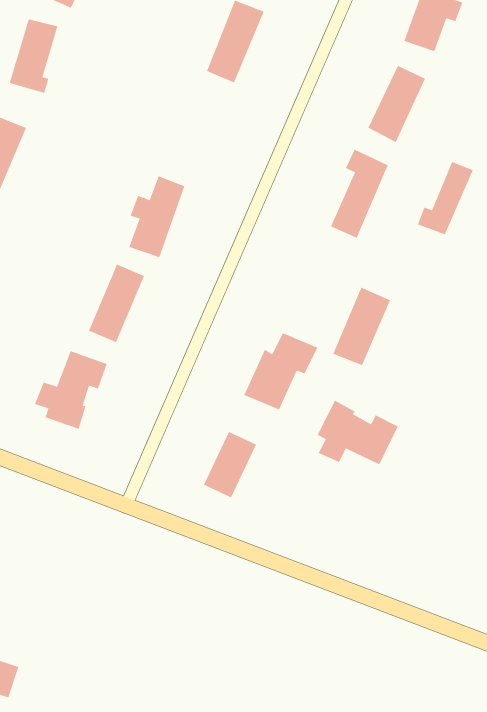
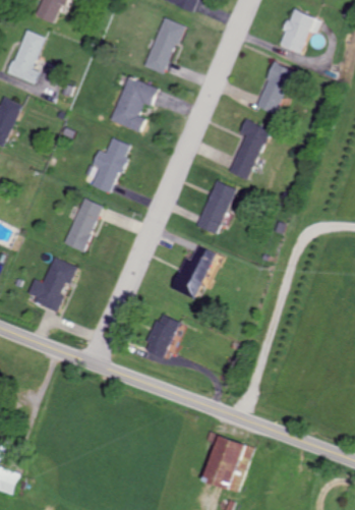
building: none -> [111,76,158,132]
building: [417,161,473,235] -> none
building: [332,287,391,366] -> [196,180,236,234]
building: [317,400,399,465] -> none
building: none -> [201,434,251,491]

